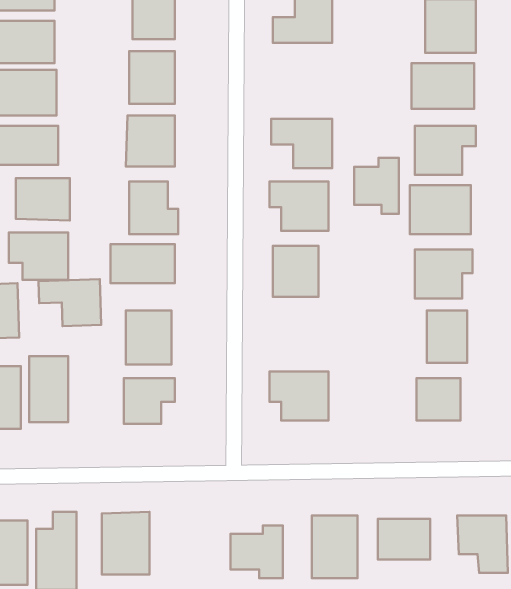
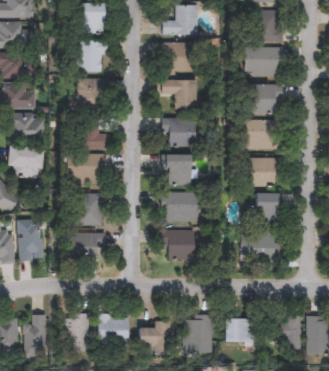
building: none -> [164,43,195,71]
building: [354,158,399,214] -> none
building: [38,279,101,326] -> none
building: none -> [160,193,197,221]
building: none -> [98,314,128,342]

